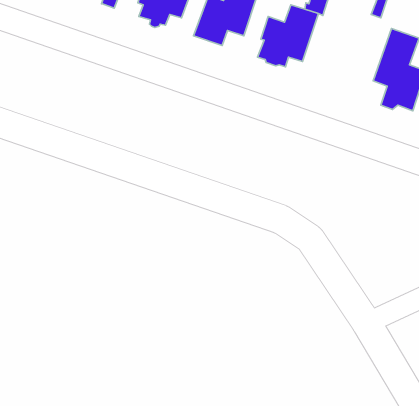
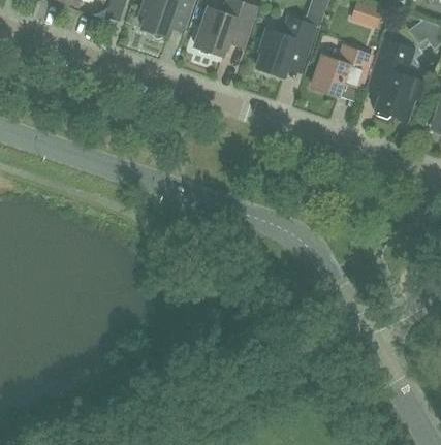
building: none -> [312,44,371,95]

